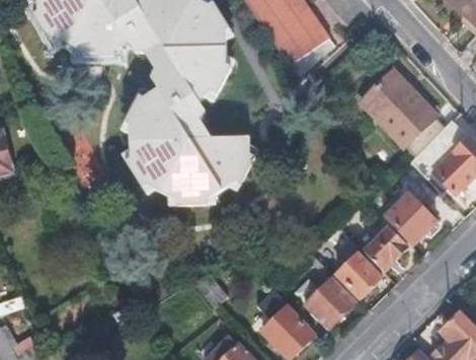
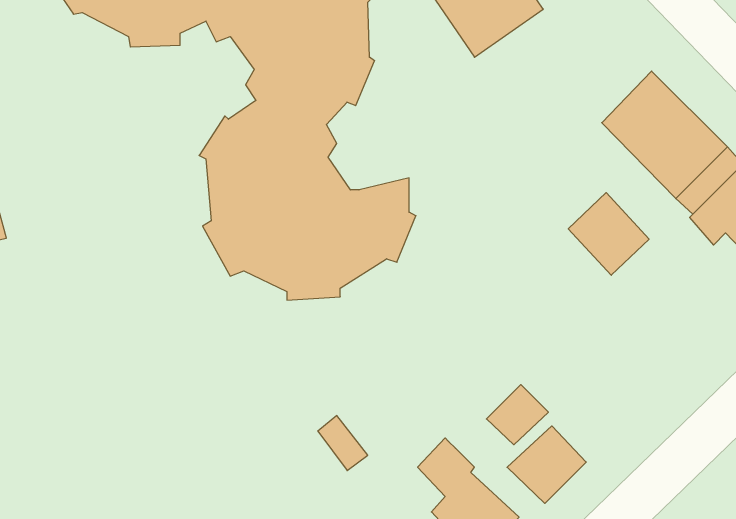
building: [387,194,434,242] -> [568,193,649,275]
building: [365,229,405,273] -> none
building: [338,255,381,297] -> none

